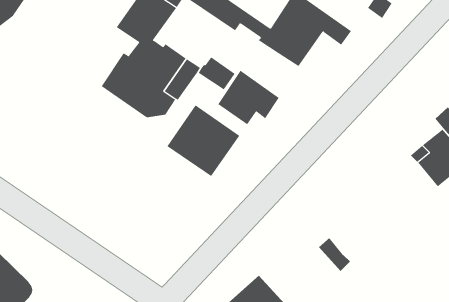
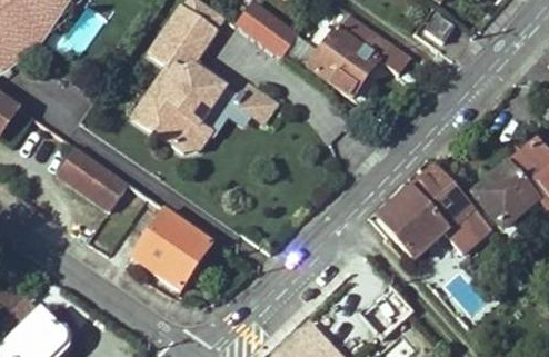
building: [217,70,279,125] -> none
building: [167,104,240,177] -> [133,209,213,288]
building: none -> [60,145,132,209]
building: none -> [377,165,485,258]

